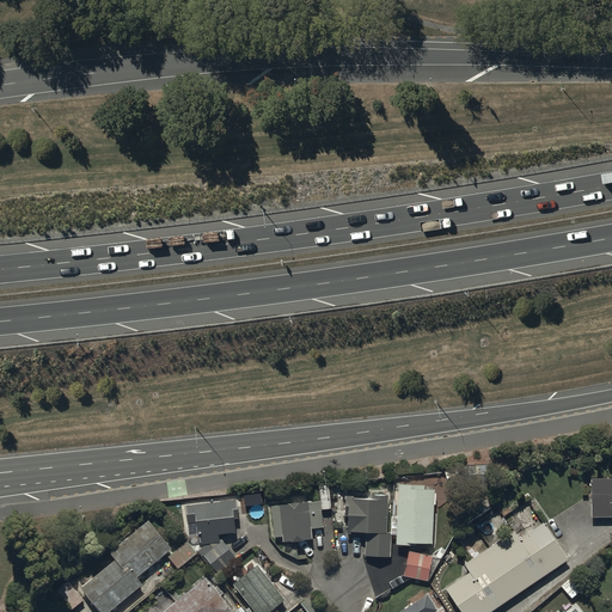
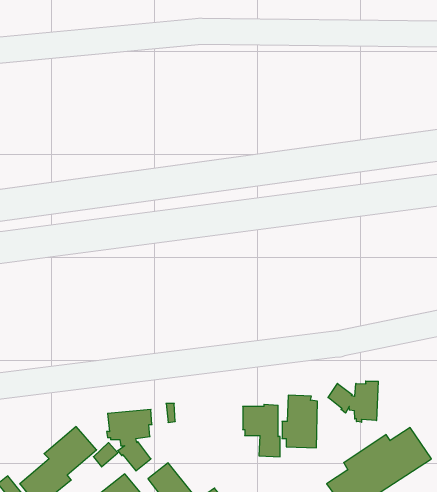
building: none -> [328,381,378,422]
building: [273,503,323,543] -> none
building: [405,551,432,580] -> none

